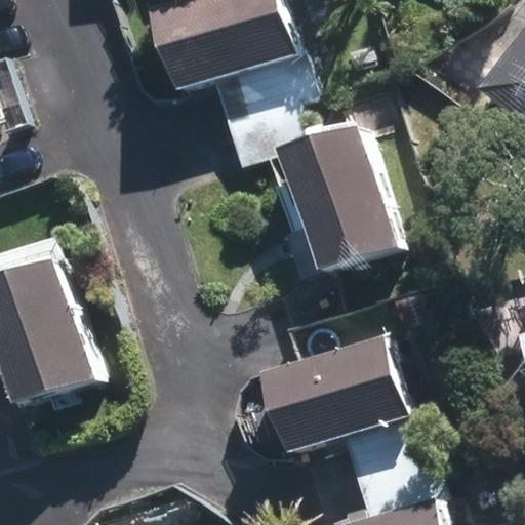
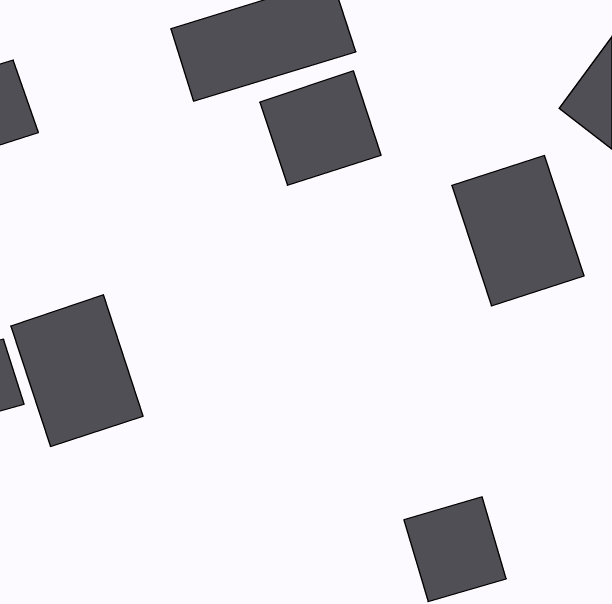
building: [270,135,382,264] -> [452,156,584,306]
building: [255,347,413,450] -> none

